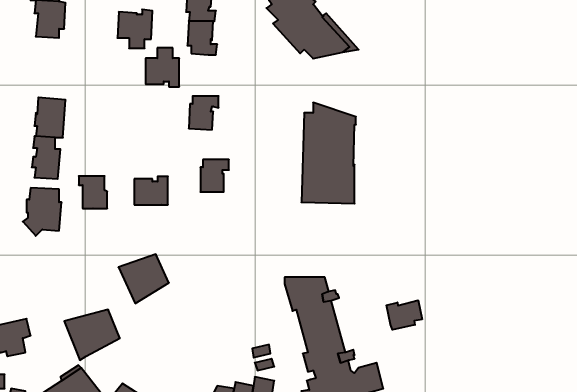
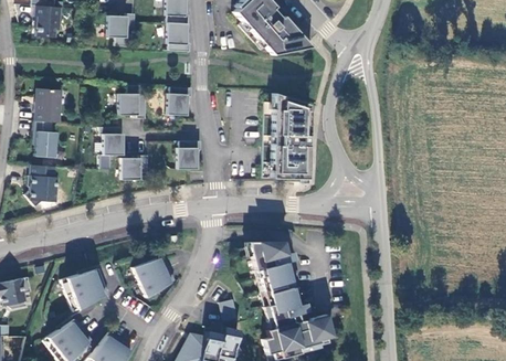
building: [146,48,179,87] -> [118,85,147,118]
building: [79,176,107,208] -> [99,127,124,155]
building: [118,254,169,303] -> [133,256,176,298]
building: [386,300,422,330] -> none

